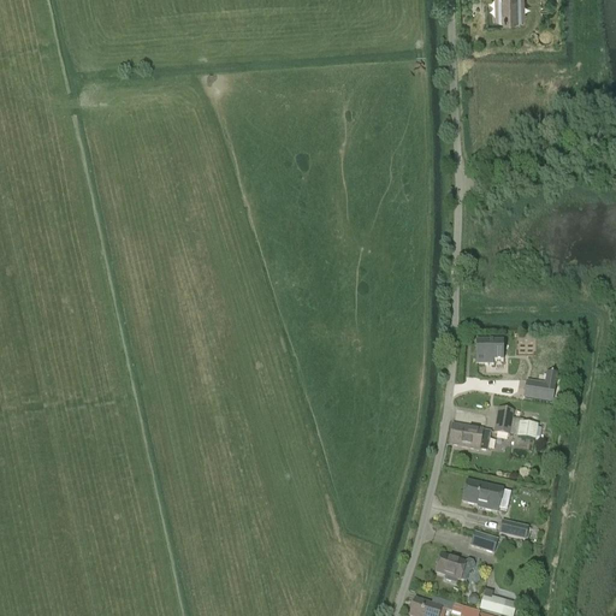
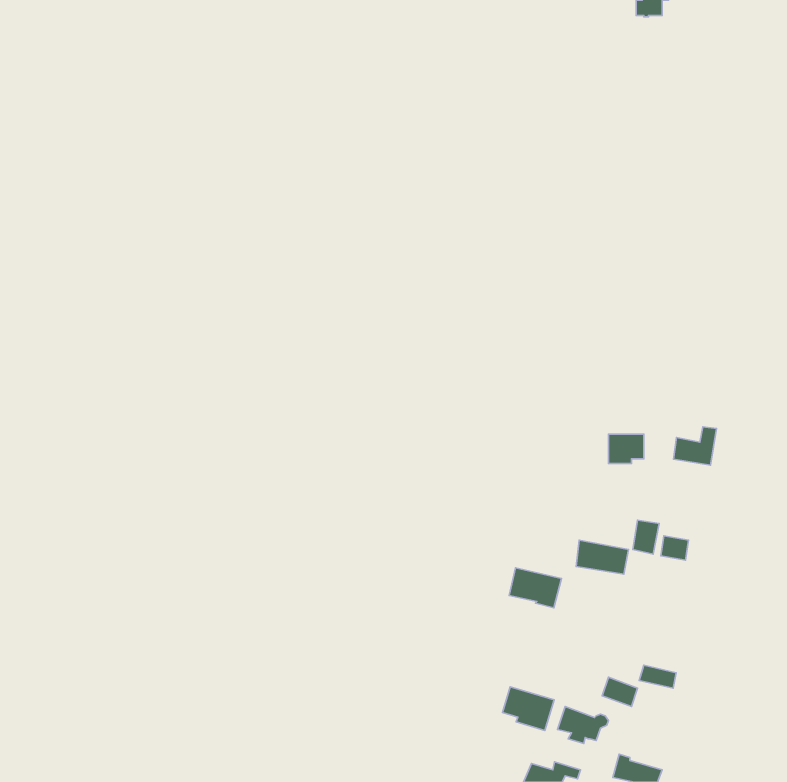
building: [523,371,557,401] -> [674,427,717,465]
building: [462,479,503,510] -> [509,568,562,608]
building: none -> [502,687,554,731]

